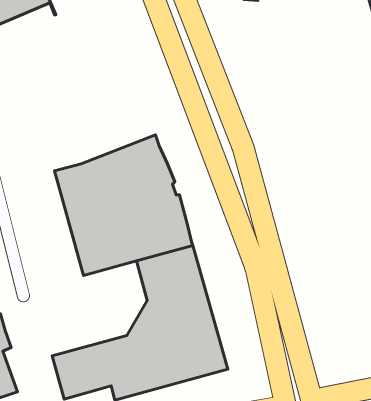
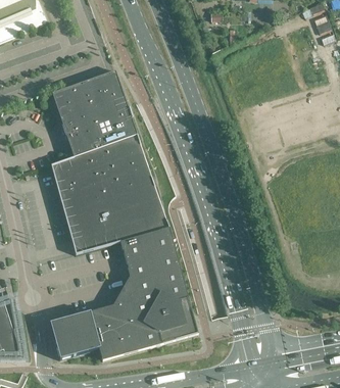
building: none -> [52,69,137,156]

